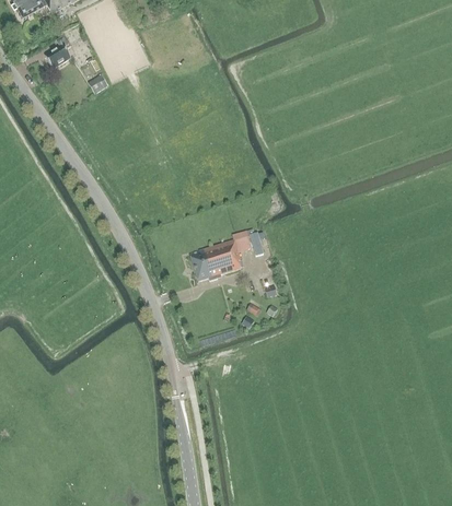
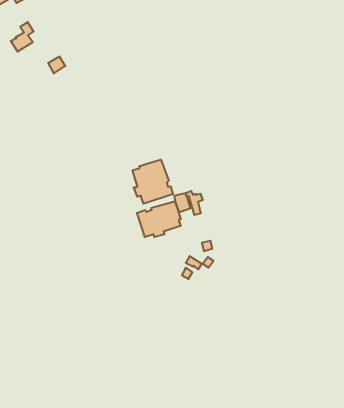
building: none -> [133,160,173,204]

